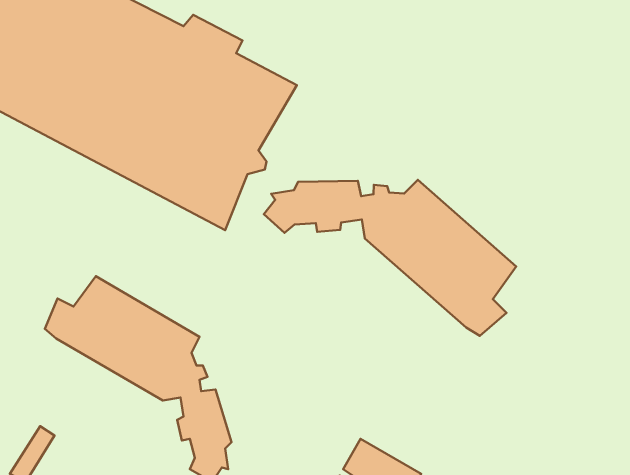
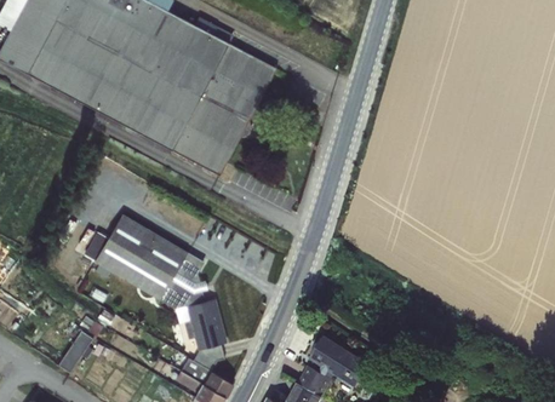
building: [264,180,516,336] -> none

